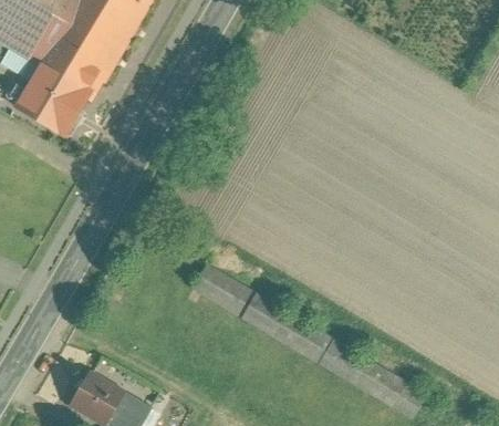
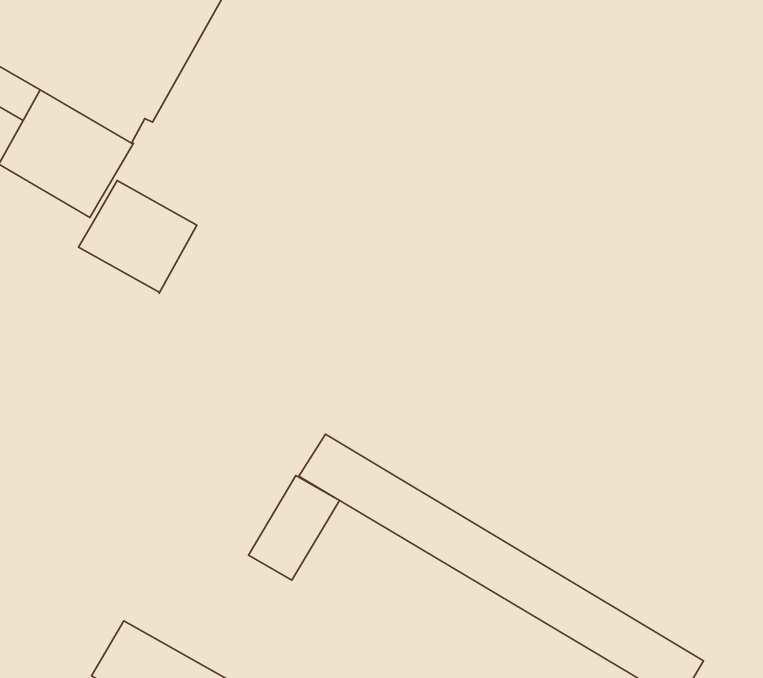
building: none -> [79,180,197,293]
building: none -> [248,475,339,580]

